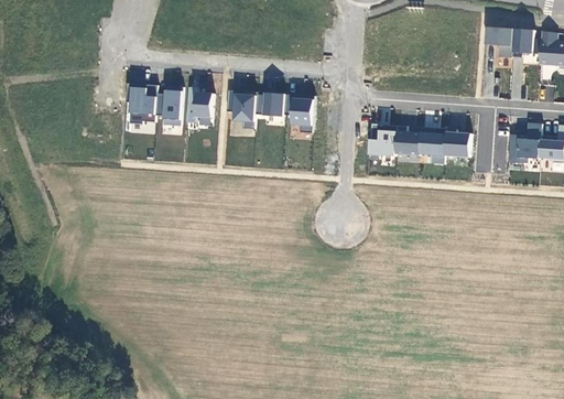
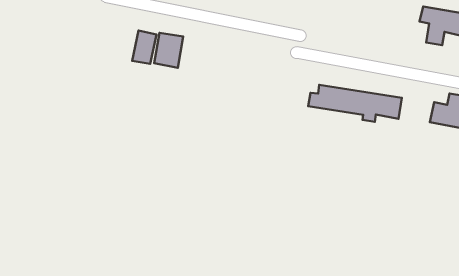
building: [127,84,158,129] -> none
building: [230,90,284,127] -> none
building: [289,96,315,130] -> none

